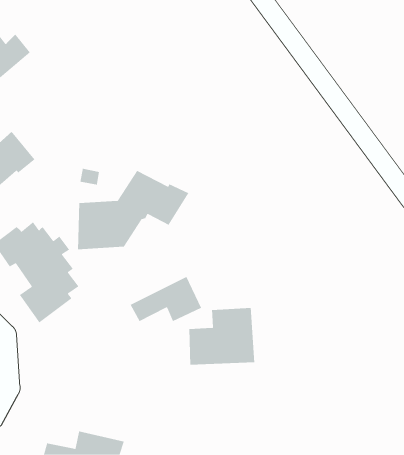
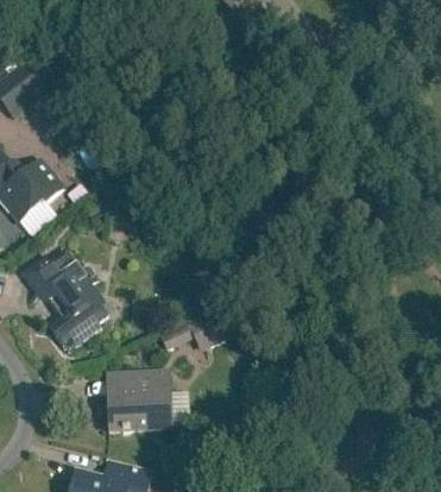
building: [77,170,190,250] -> none
building: [188,307,255,365] -> [107,373,174,431]

